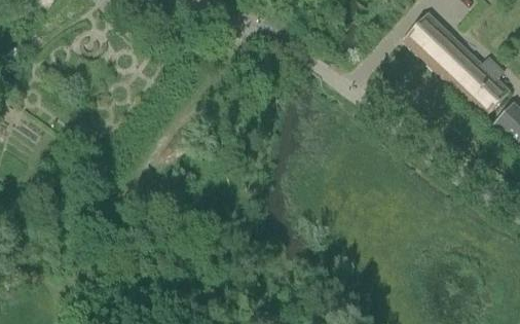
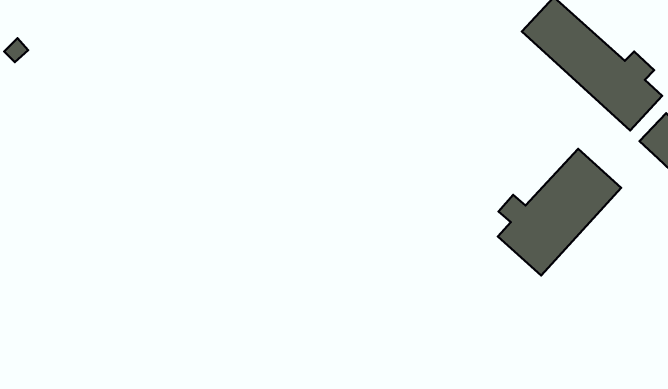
building: none -> [498,149,621,275]

